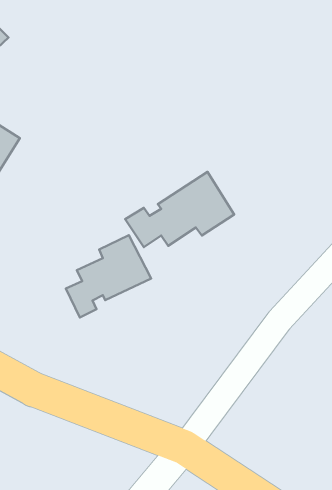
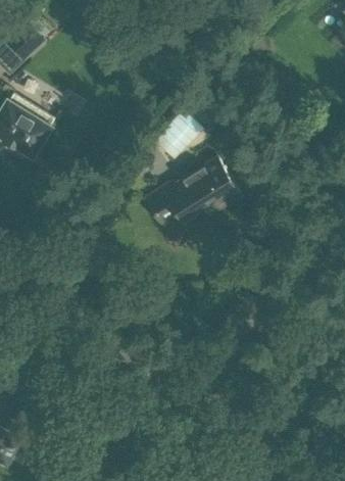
building: [66,235,151,318] -> none

